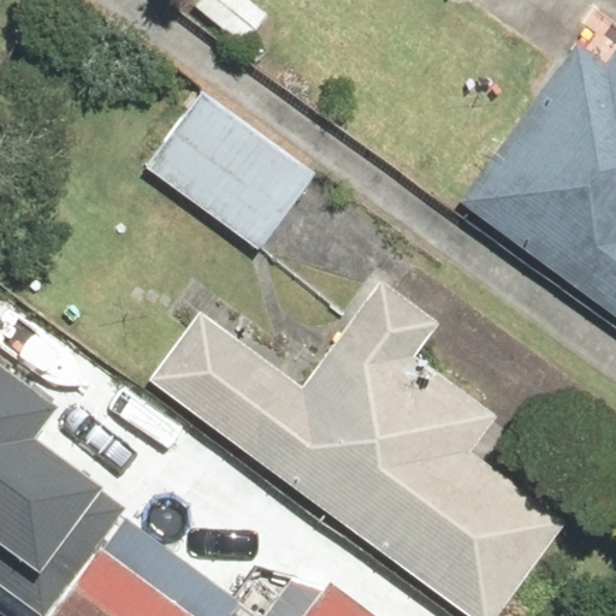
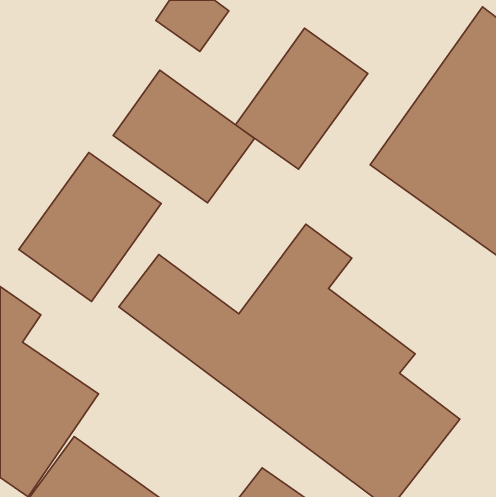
building: none -> [236,28,368,169]
building: none -> [19,153,161,301]

